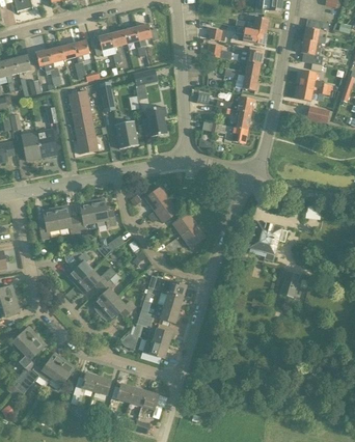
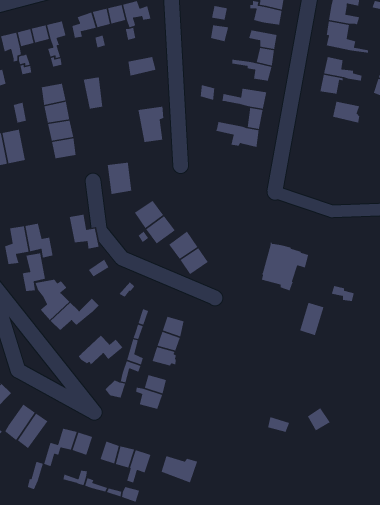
building: [119,120,140,147] -> [107,162,132,195]
building: [76,200,95,232] -> [22,253,46,292]
building: [92,279,117,314] -> none
building: none -> [161,455,198,484]

